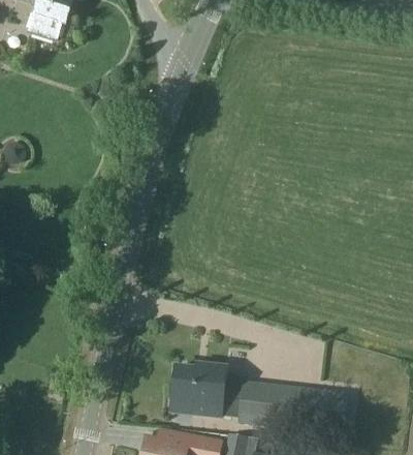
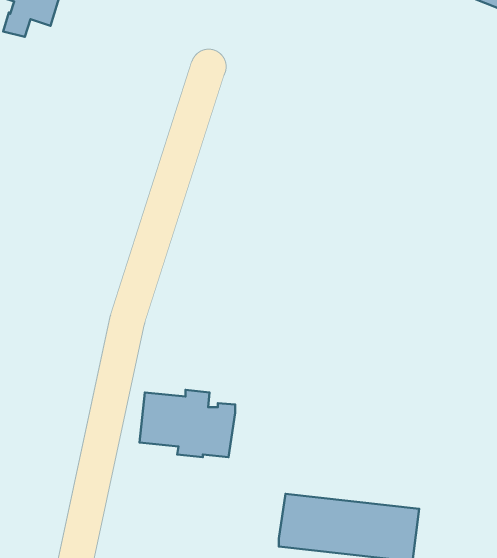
building: [171,363,245,415] -> [139,390,235,457]

